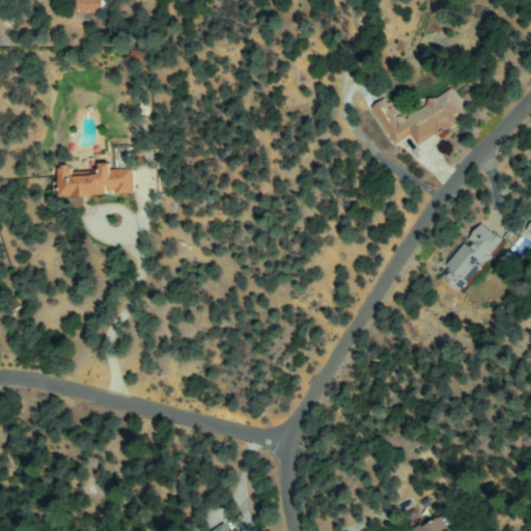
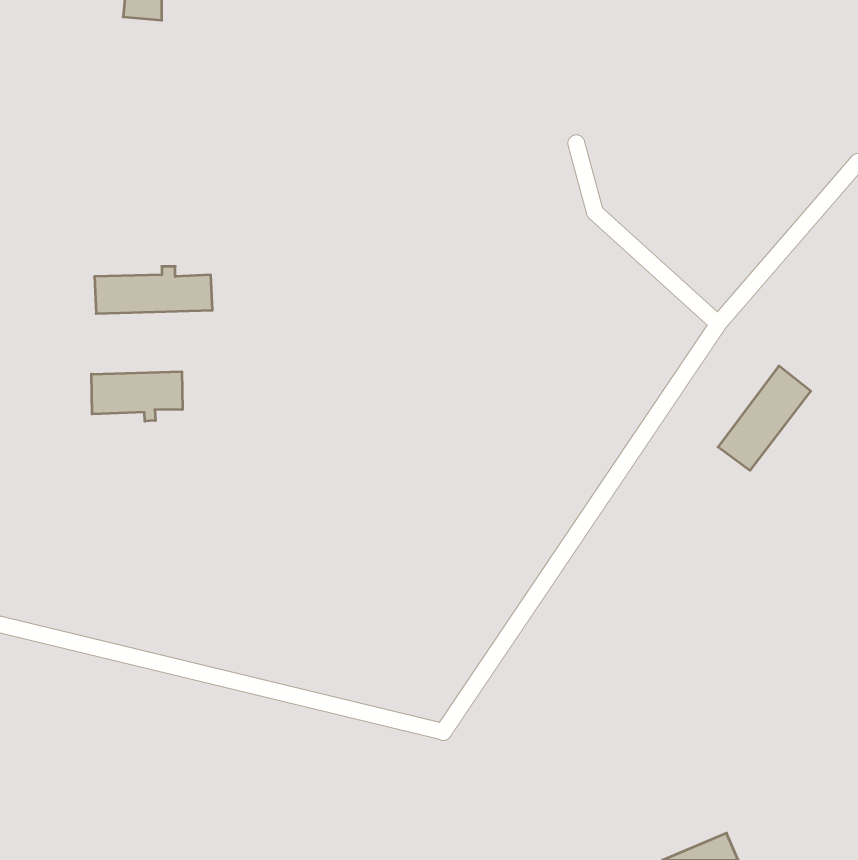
building: [371,90,465,144] -> none
building: none -> [91,372,182,421]

